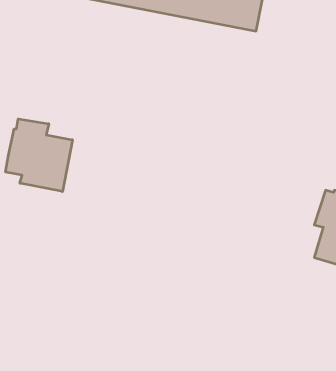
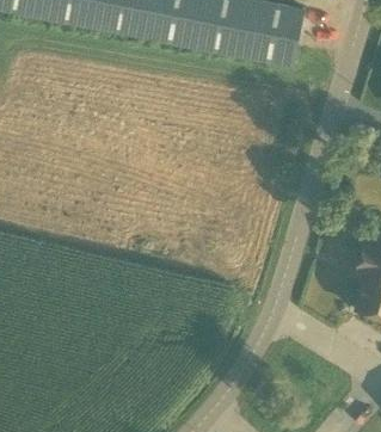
building: [6,119,72,192] -> none

